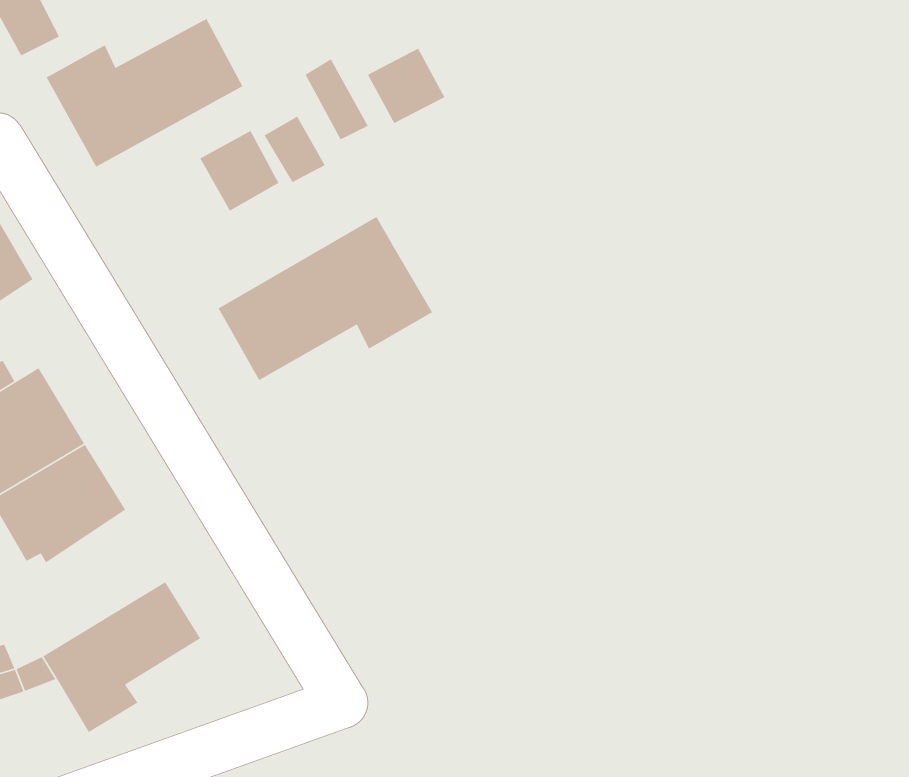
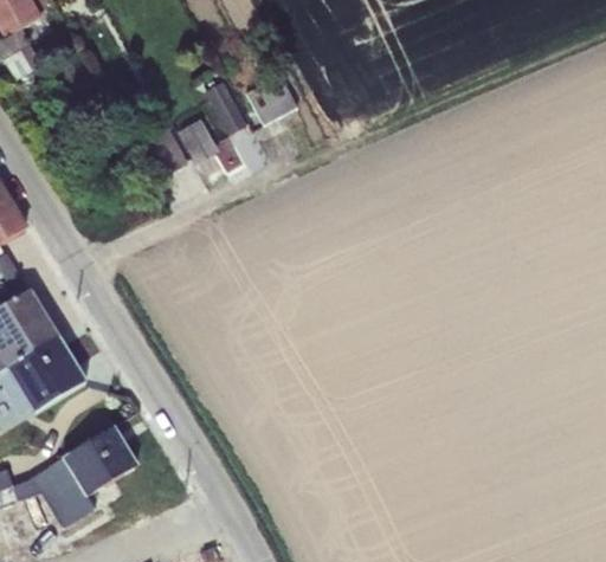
building: [45,18,244,168] -> none
building: [218,216,433,381] -> none

